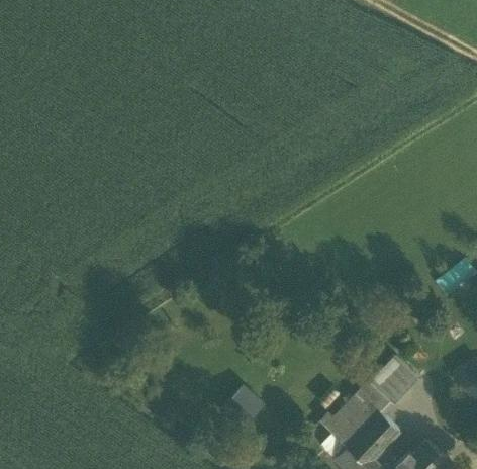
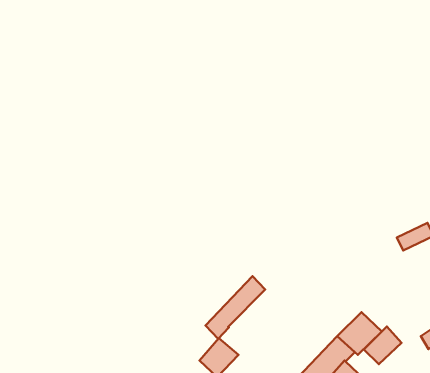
building: none -> [206,276,265,339]
building: none -> [364,326,401,364]

